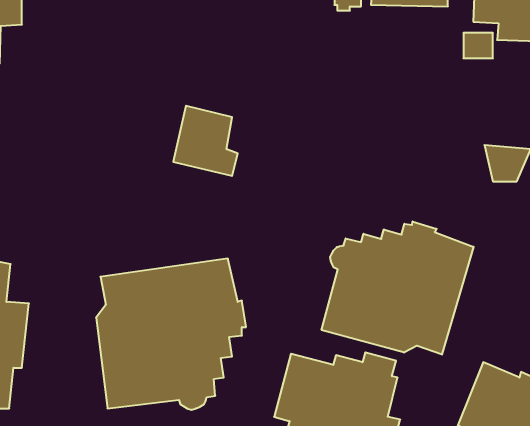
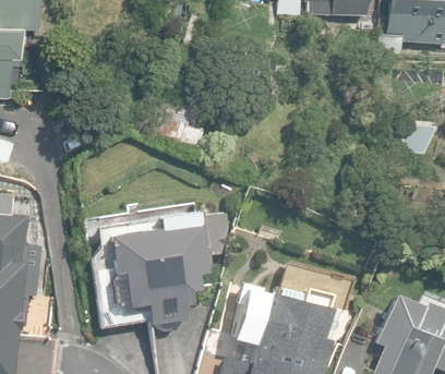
building: [322,221,474,355] -> none

